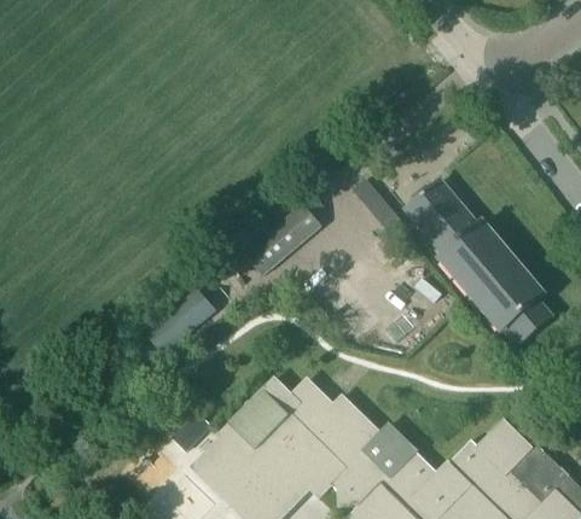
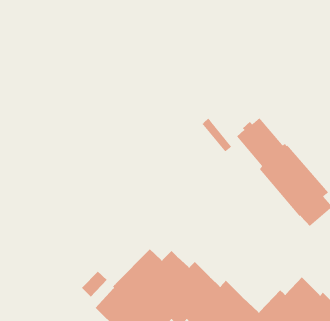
building: [243,189,321,274] -> none
building: [146,291,214,352] -> none

